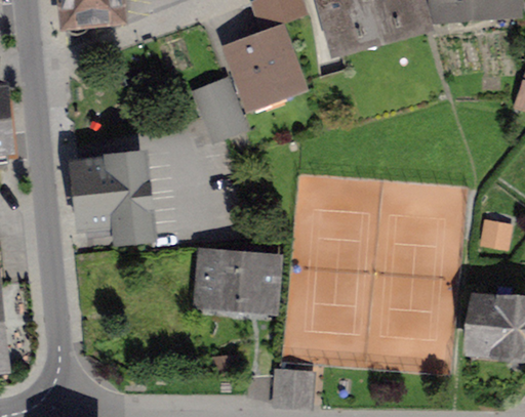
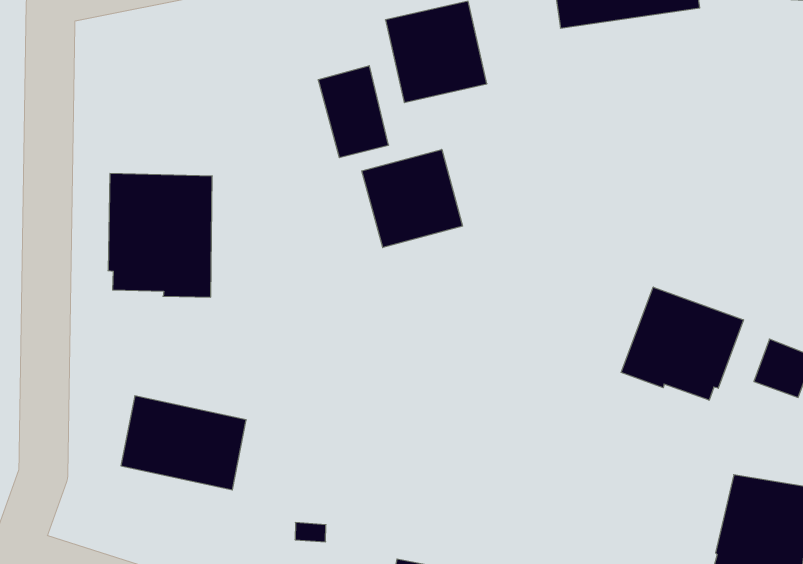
building: none -> [362,149,462,248]
building: none -> [621,287,743,400]
building: [202,256,274,305] -> [121,396,246,490]

